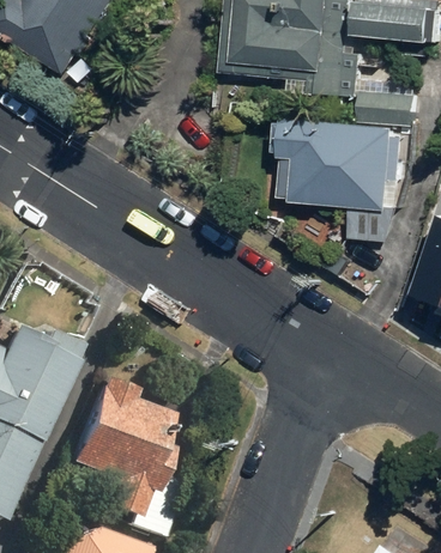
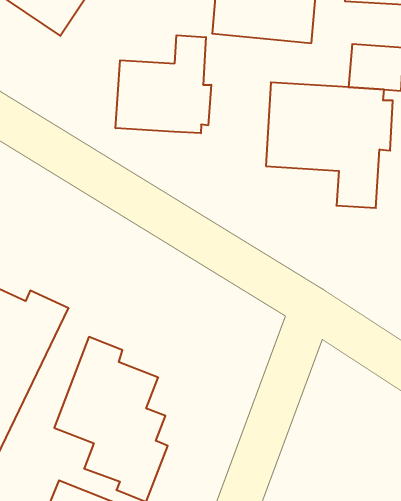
building: none -> [116,35,211,133]

